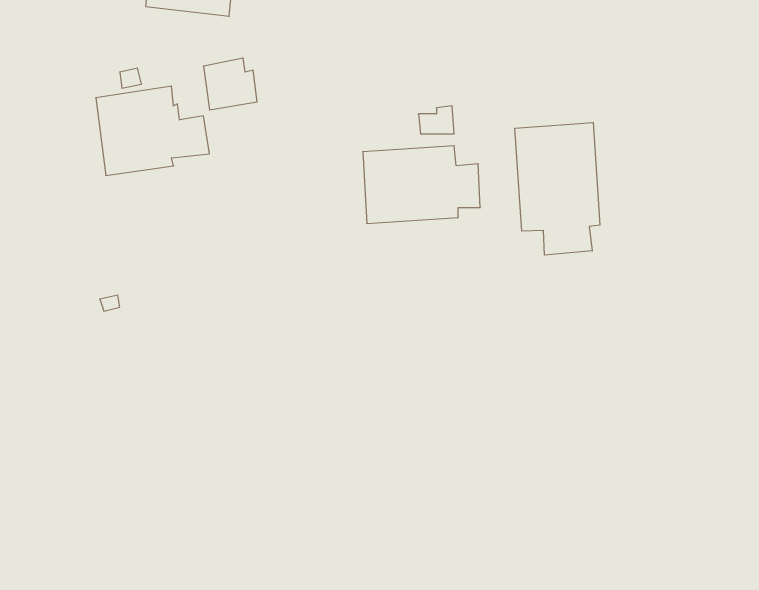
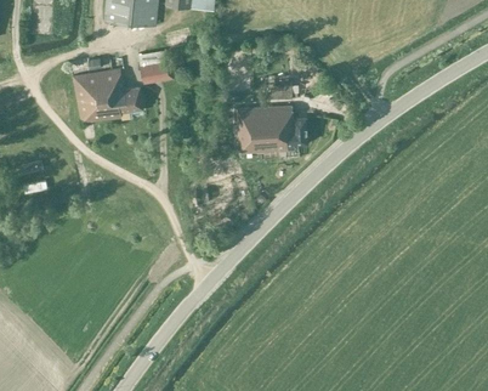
building: [515,122,600,255] -> none

